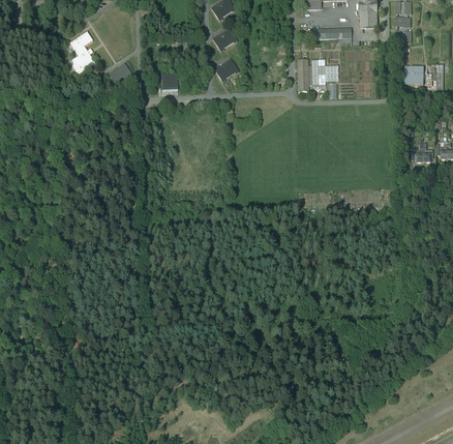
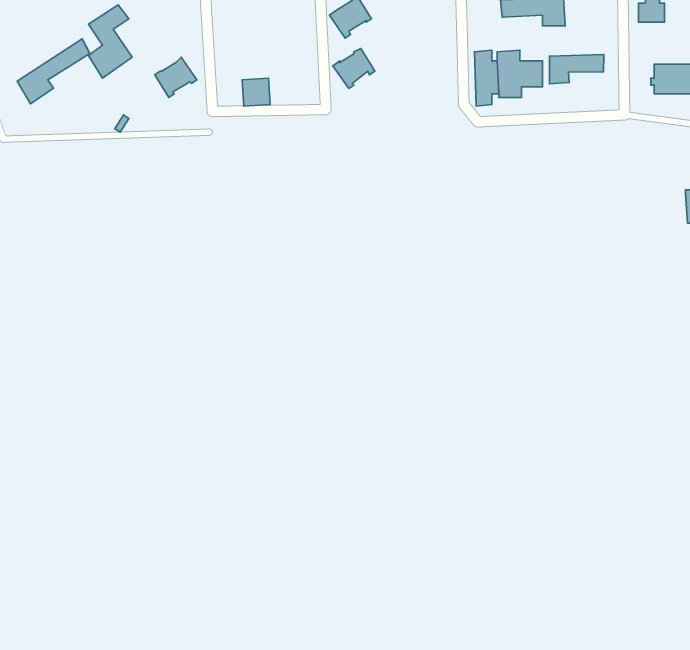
building: none -> [17,39,90,104]
building: none -> [550,55,604,84]

